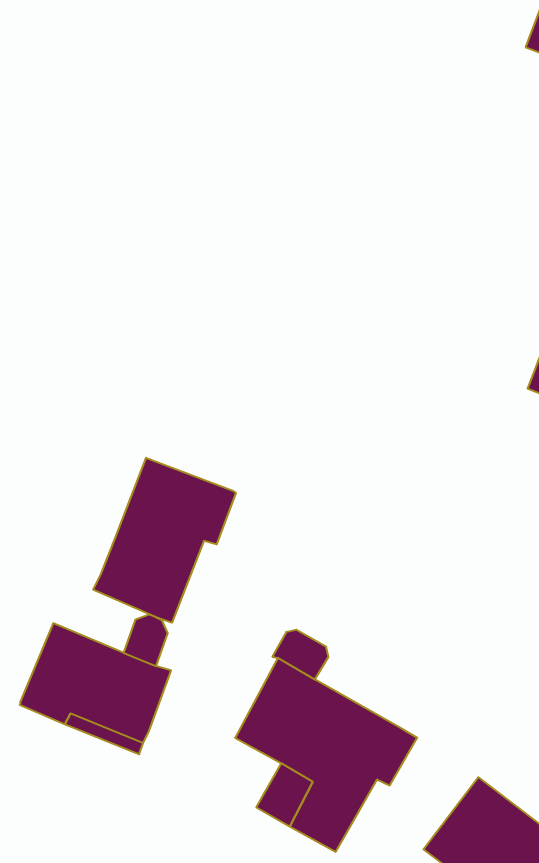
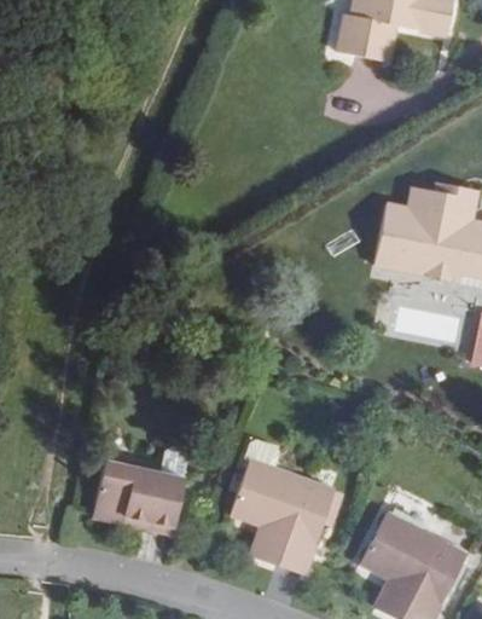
building: [93,458,236,623] -> none

